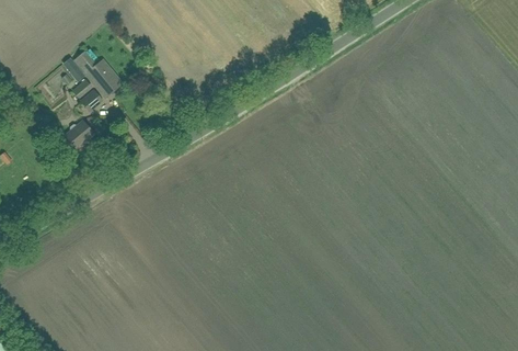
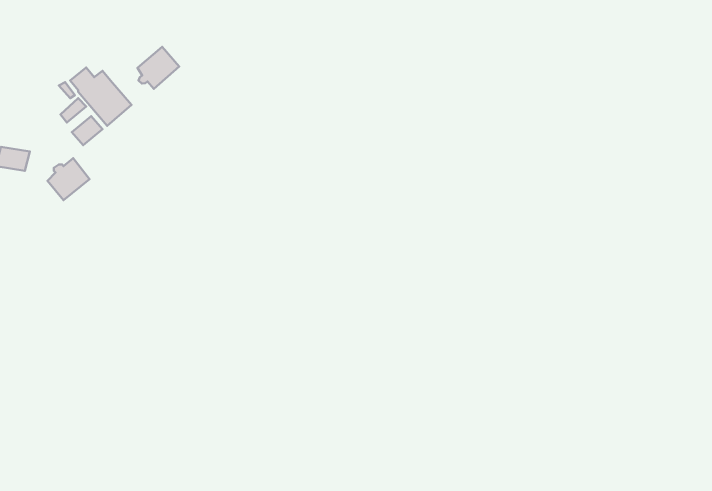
building: none -> [138,47,179,89]

